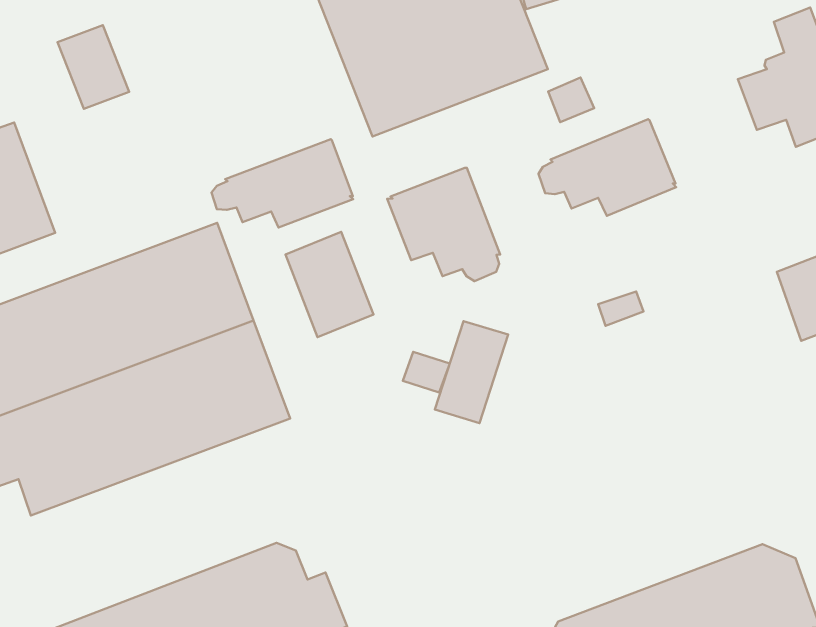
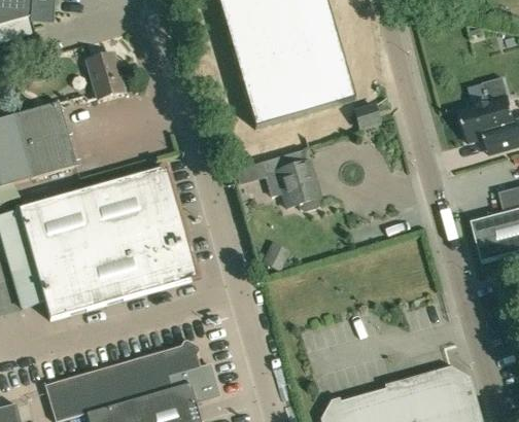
building: [538,119,676,216] -> none
building: [212,139,353,227] -> none
building: [286,232,373,337] -> none
building: [435,321,508,423] -> none

